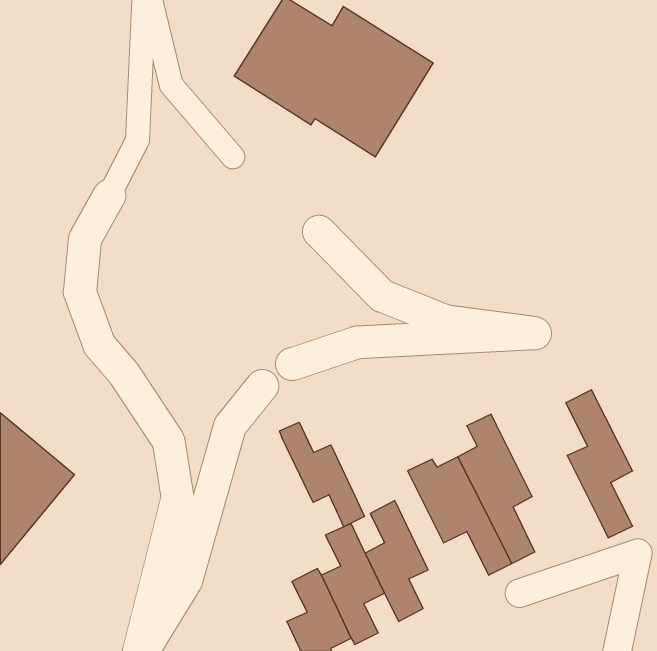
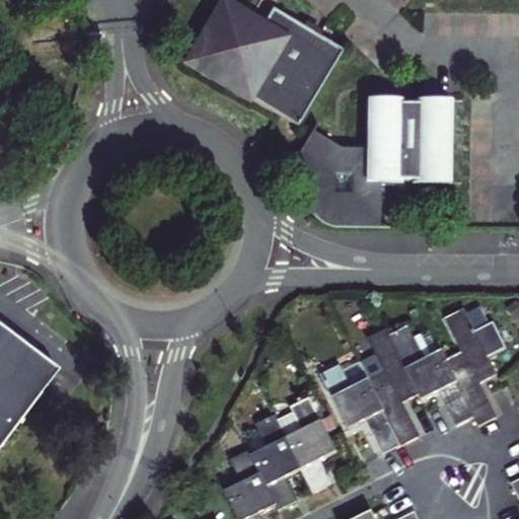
building: none -> [287,92,452,221]
building: none -> [391,325,474,422]
building: [280,422,365,527] -> none

